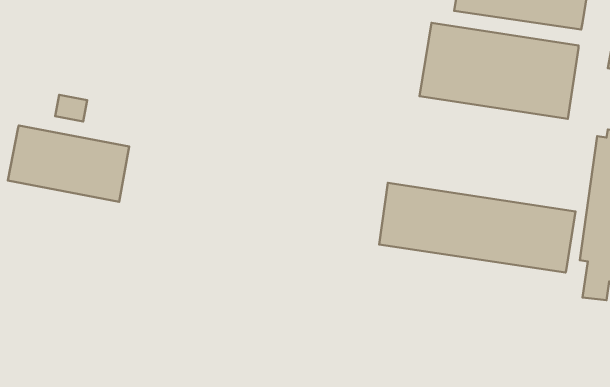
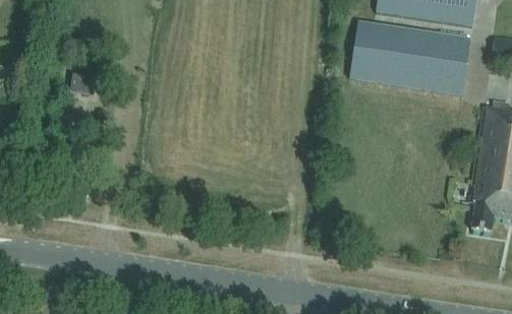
building: [8,126,129,202] -> none
building: [379,183,575,273] -> none

